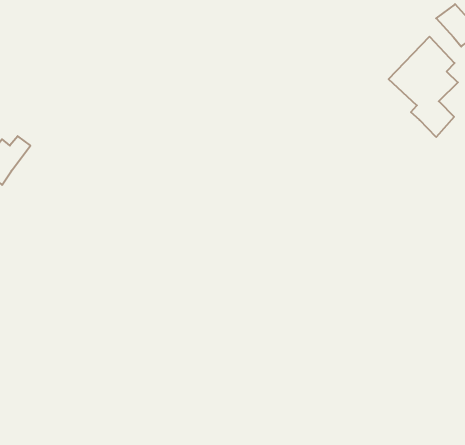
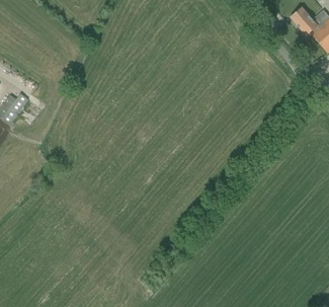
building: [389,37,458,137] -> none

